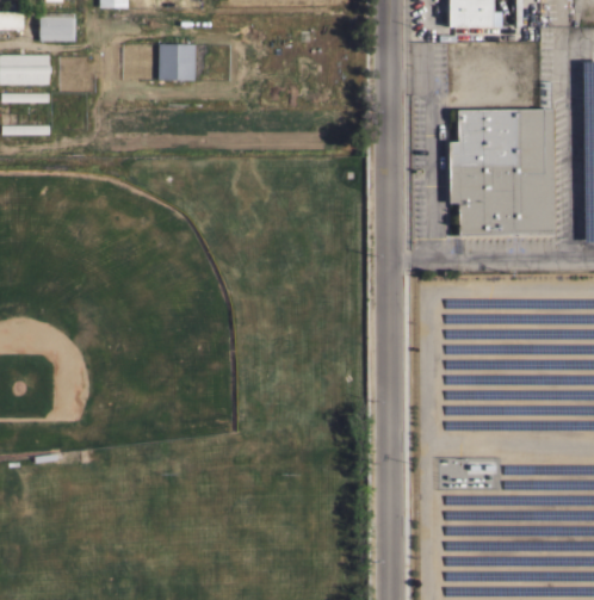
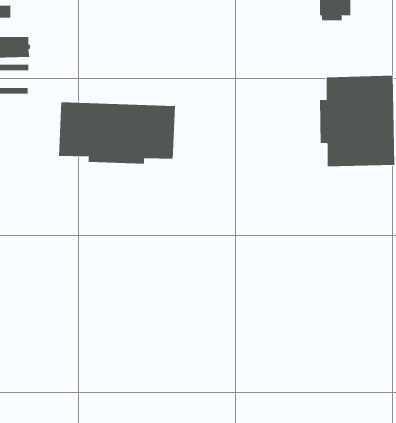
building: [39,13,75,39] -> none
building: [159,44,196,80] -> none
building: none -> [58,102,176,164]

